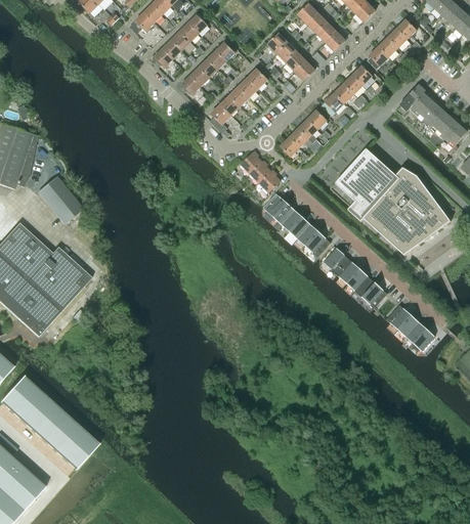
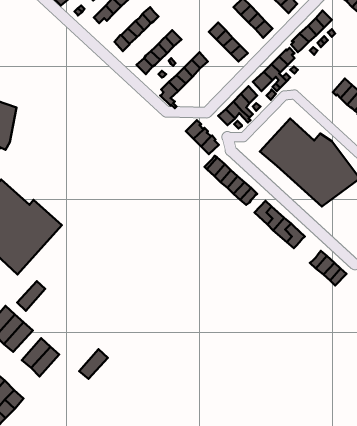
building: [399,84,432,117] -> none
building: [38,176,83,223] -> none
building: [33,404,67,440] -> [17,281,45,311]
building: [65,433,99,469] -> [79,349,108,379]

